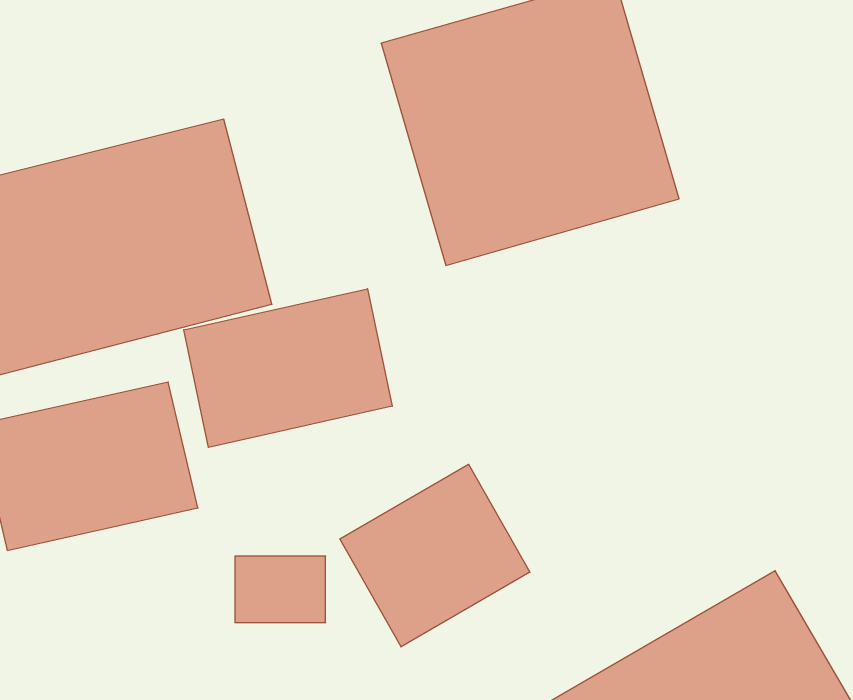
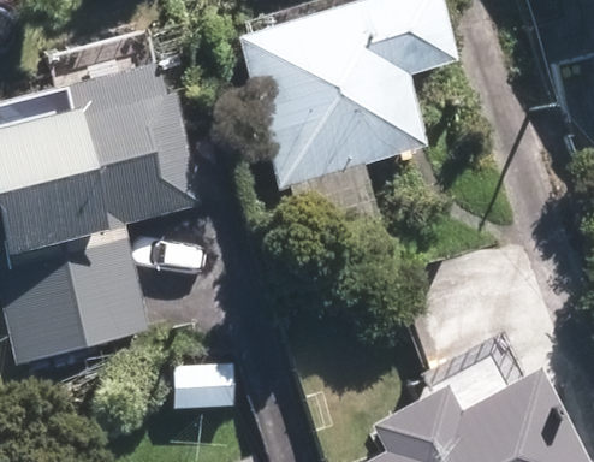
building: [184,289,392,447] -> none
building: [340,464,530,647] -> none

